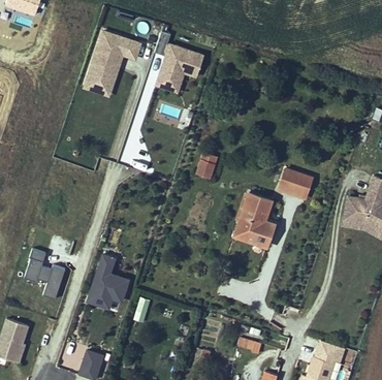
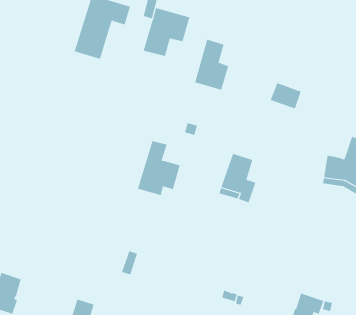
building: none -> [194,39,229,91]
building: [279,169,312,197] -> [270,83,301,109]
building: [24,248,65,298] -> none
building: [85,251,130,309] -> [137,141,180,196]

